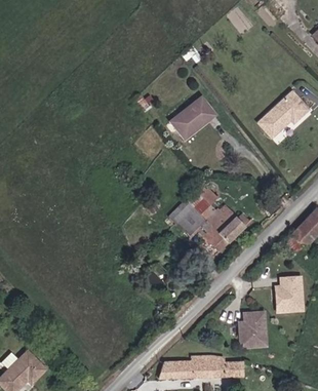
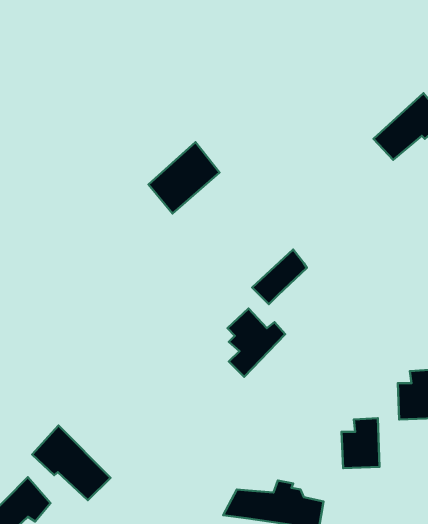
building: [169,93,217,142] -> [148,142,220,213]
building: [211,203,250,249] -> [227,309,285,377]
building: none -> [32,426,110,500]

